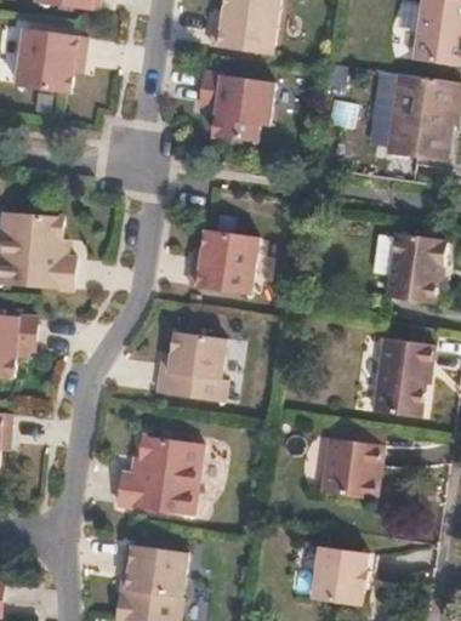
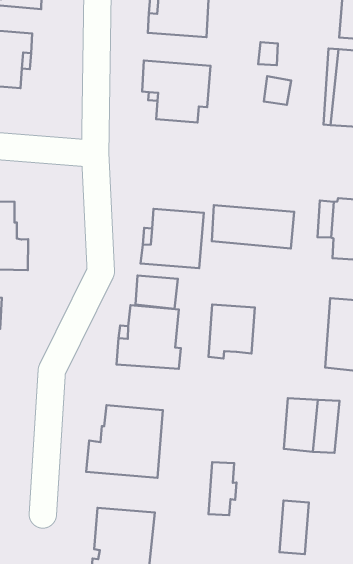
building: none -> [212,205,294,248]
building: none -> [135,276,178,309]
building: none -> [208,305,255,358]
building: [343,551,375,608] -> [208,462,236,515]

